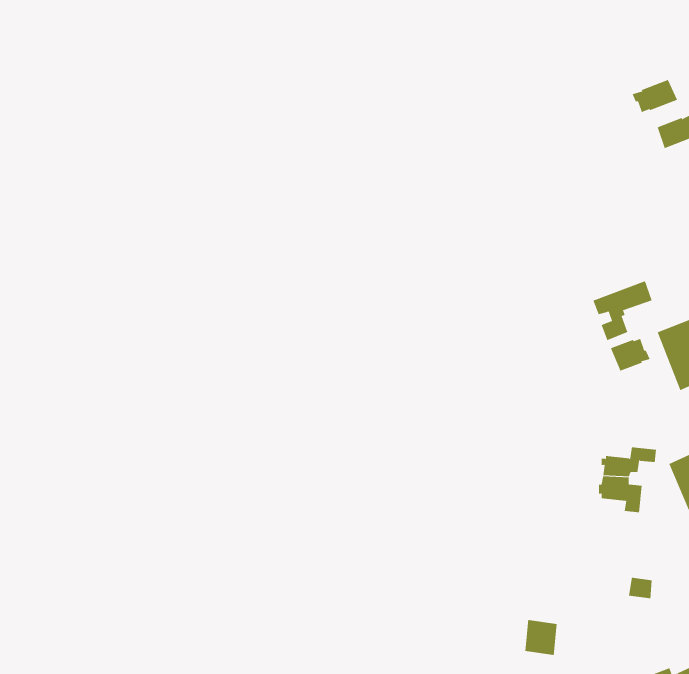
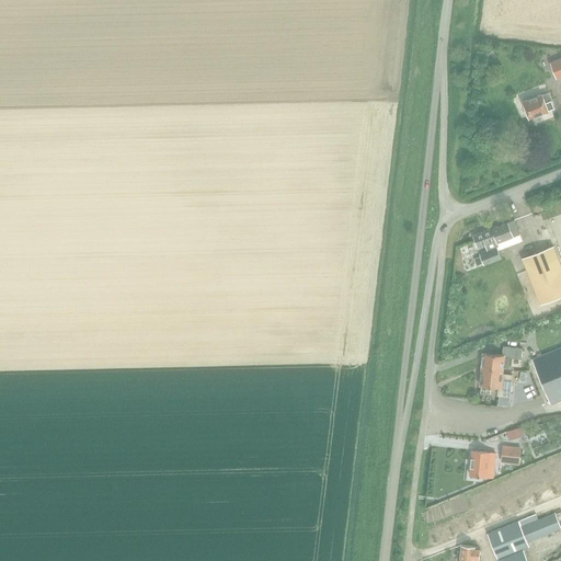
building: [632,79,678,113] -> none
building: [610,338,650,372] -> none
building: [525,620,557,655] -> [470,450,495,478]

